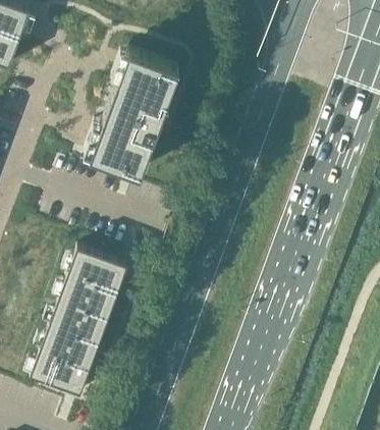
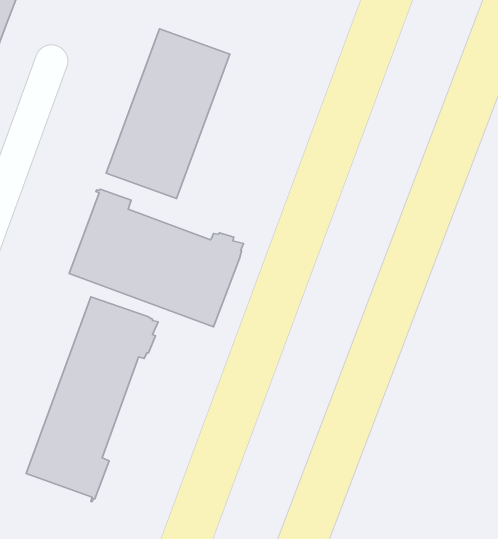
building: none -> [69,189,244,327]

